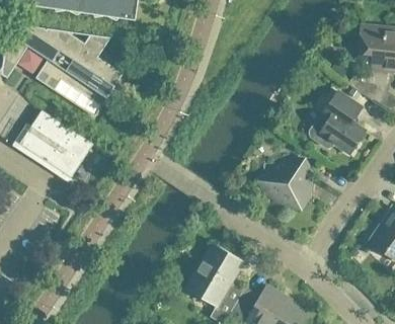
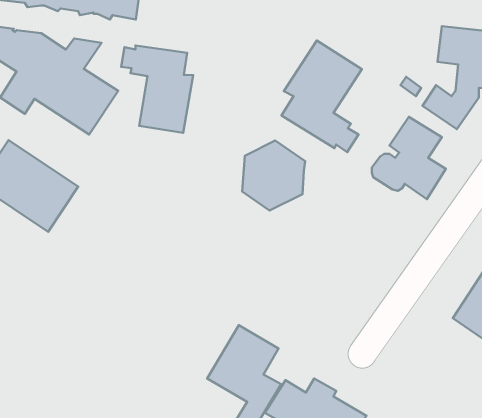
building: none -> [282,40,362,152]
building: none -> [121,45,193,133]
building: [265,157,312,209] -> [242,141,305,211]

